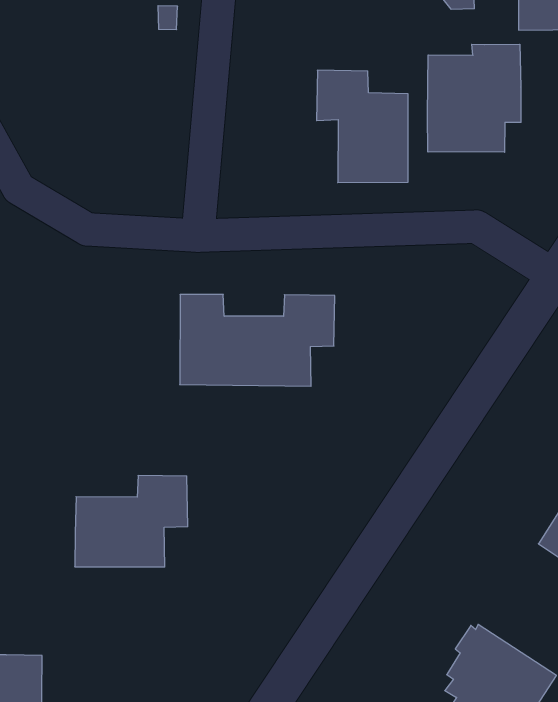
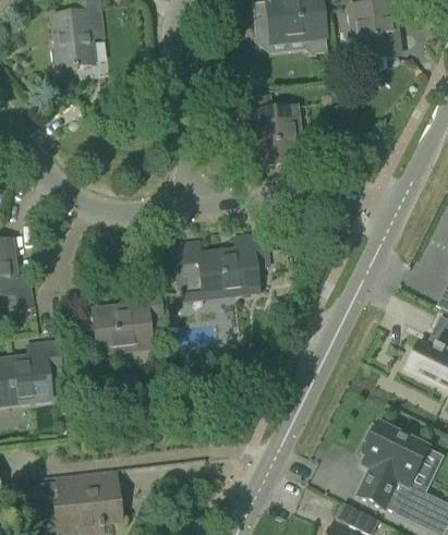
building: [427,44,521,152] -> none
building: [75,476,188,567] -> [94,289,164,352]

